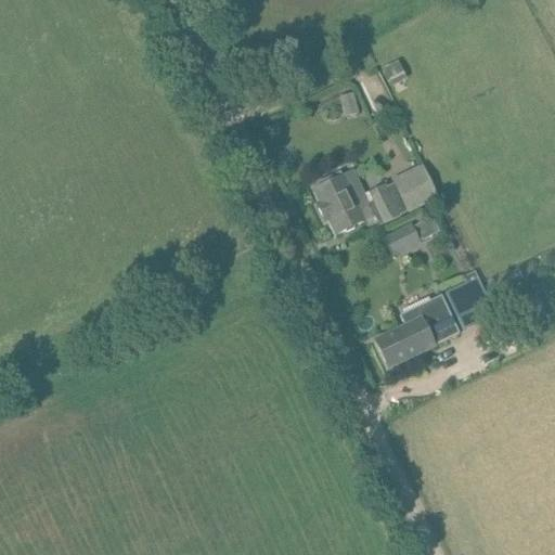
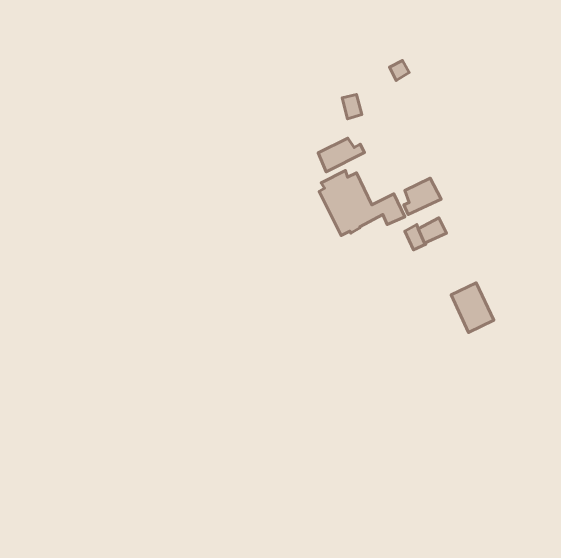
building: none -> [318,138,365,172]
building: [375,293,457,365] -> none

